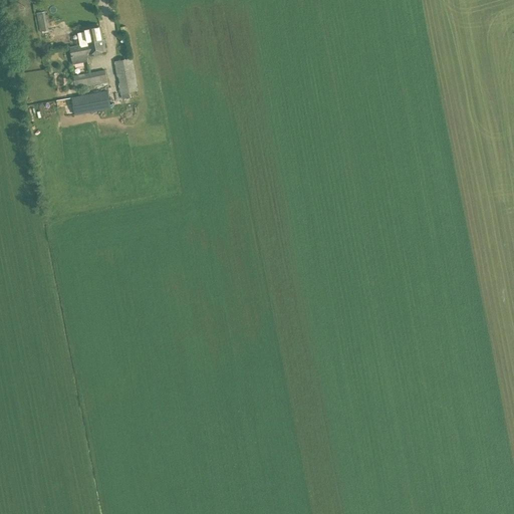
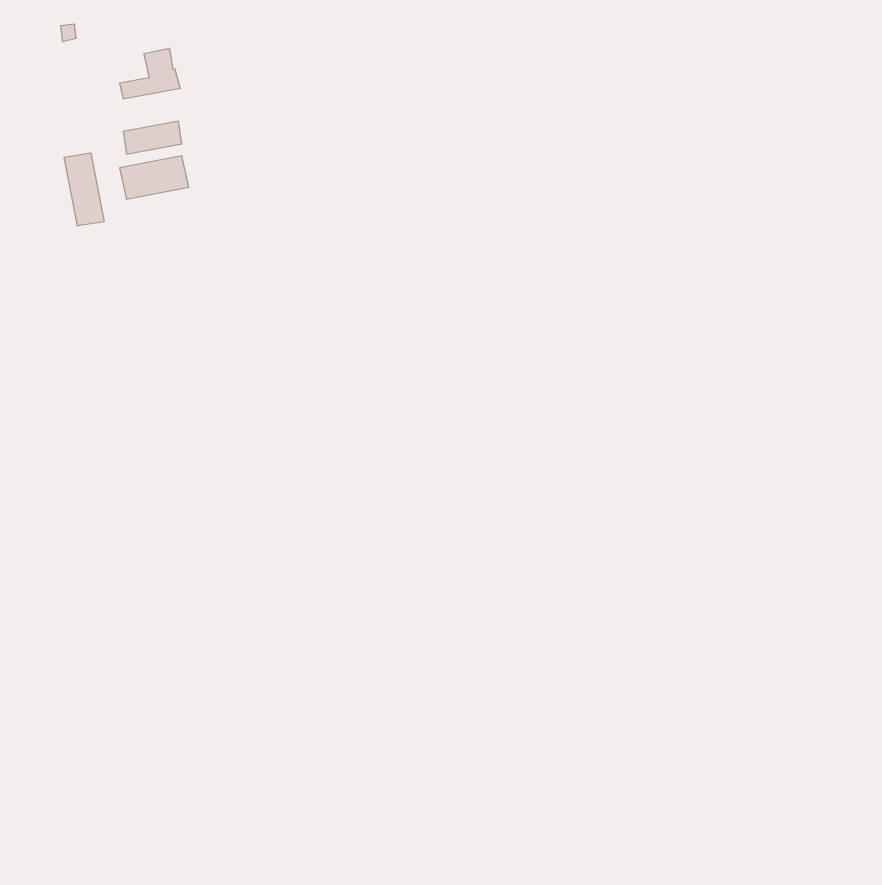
building: [112,58,137,99] -> none
building: none -> [64,153,104,226]

